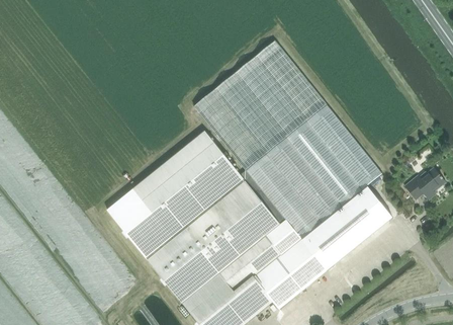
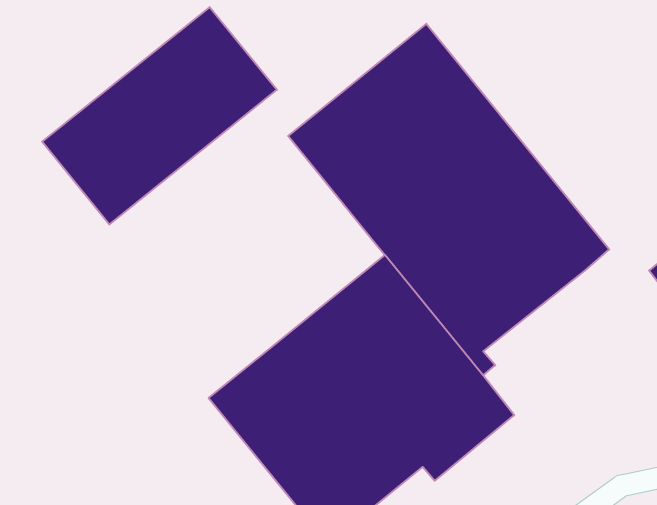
building: [106,131,244,258] -> [42,7,277,224]
building: [307,185,393,271] -> none

